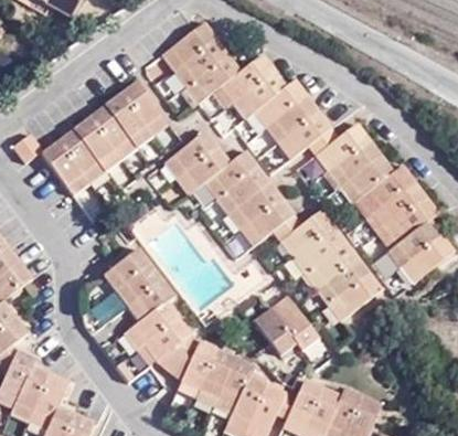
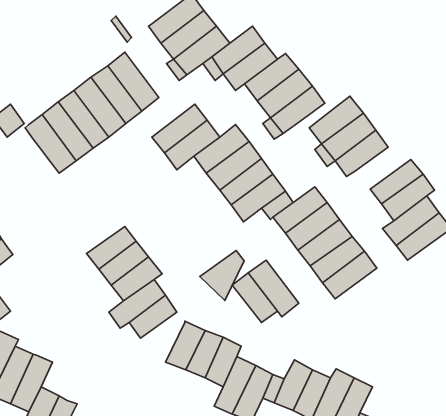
building: [363,166,417,213] -> none
building: [153,333,196,382] -> [200,251,244,300]

